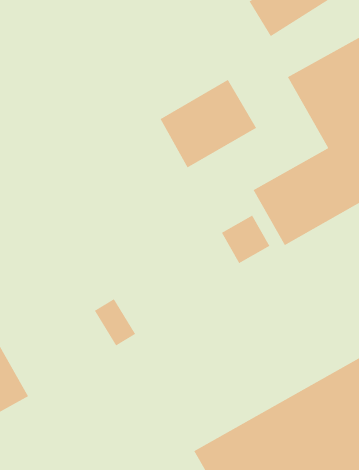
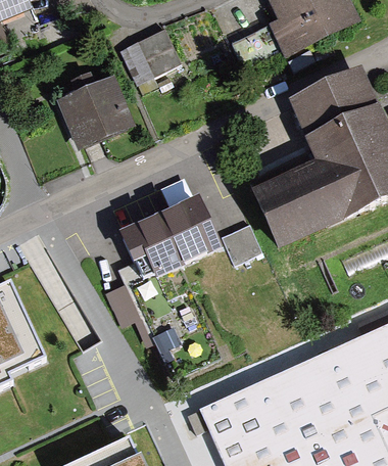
building: none -> [119,30,176,80]
building: none -> [57,72,136,145]
building: [159,79,257,168] -> [131,200,214,275]

